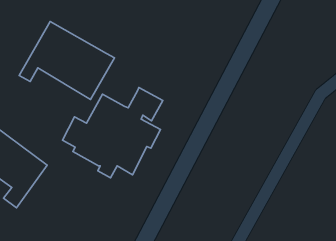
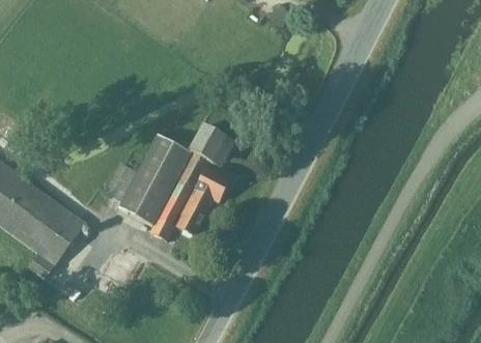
building: [19,22,115,99] -> none

